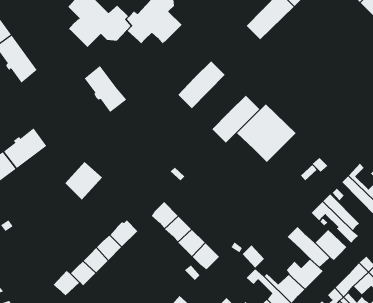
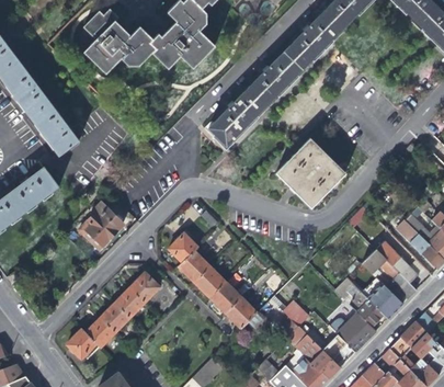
building: [84,65,127,113] -> [31,100,80,155]
building: [211,95,260,144] -> [248,49,304,105]
building: none -> [169,232,198,262]

